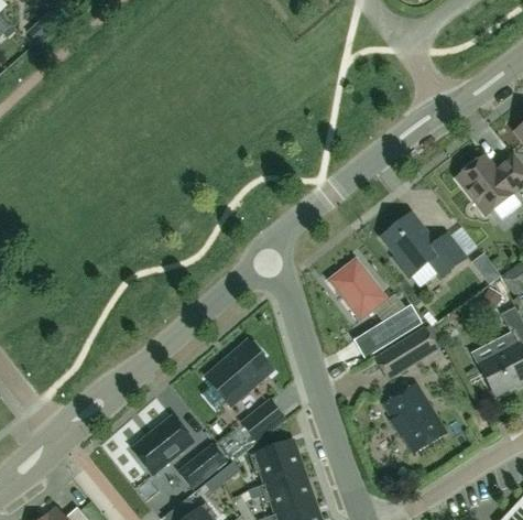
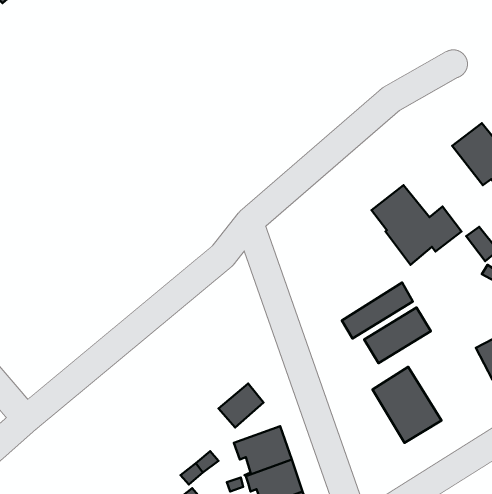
building: [327,258,386,319] -> none
building: [201,340,271,409] -> none
building: [131,415,193,474] -> none
building: [174,443,226,491] -> none

